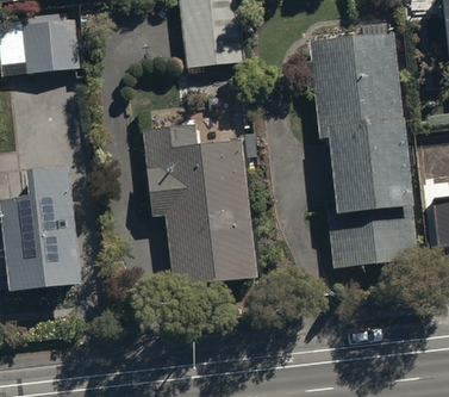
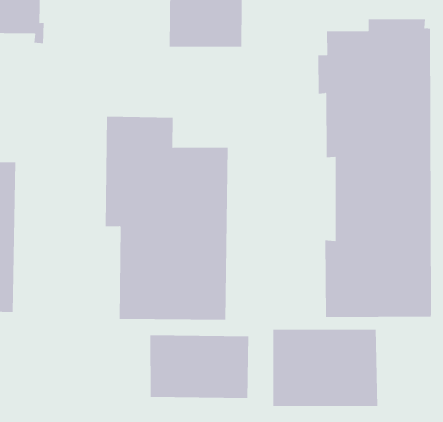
building: none -> [273,329,378,407]
building: none -> [150,334,249,399]

